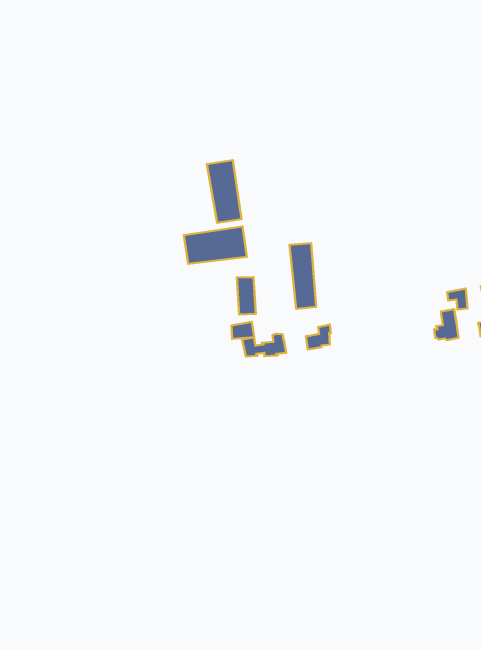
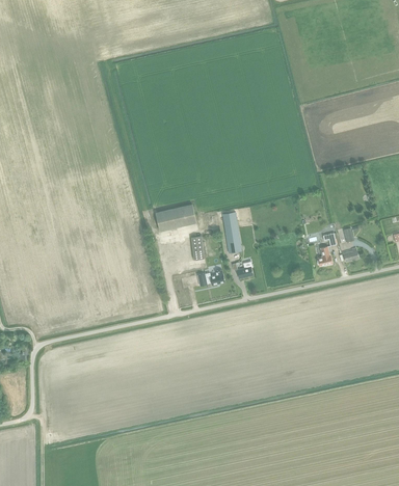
building: [207,160,242,223] -> none

